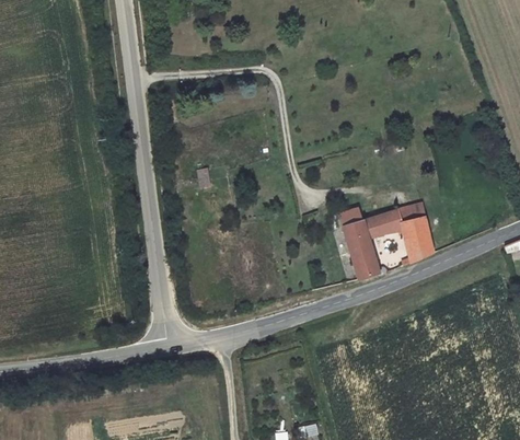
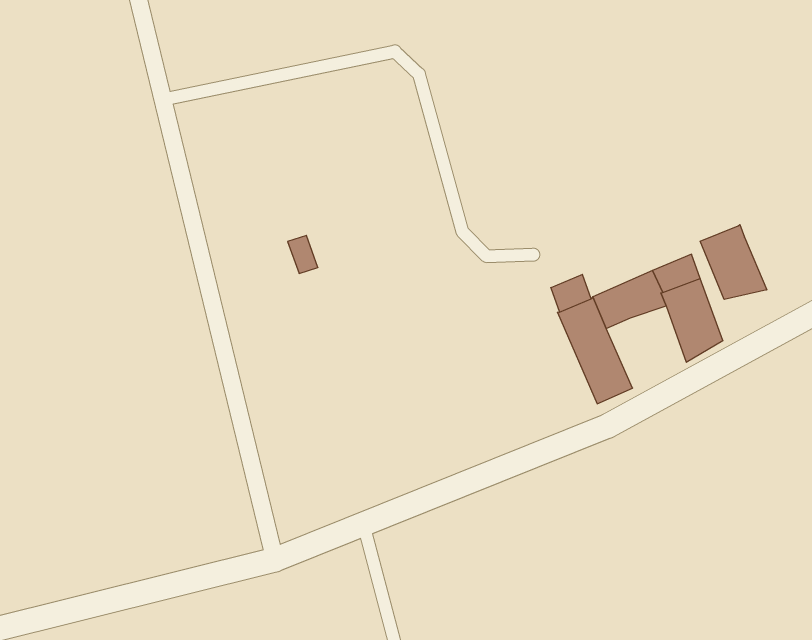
building: none -> [700,225,767,299]

